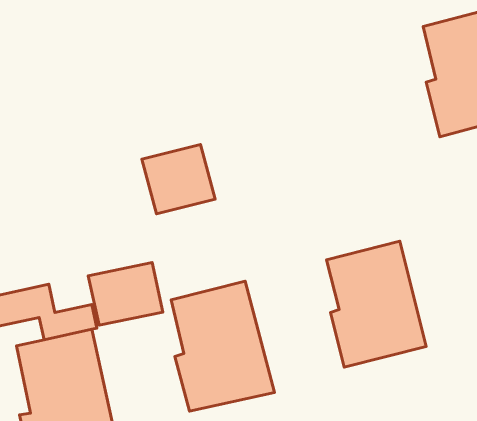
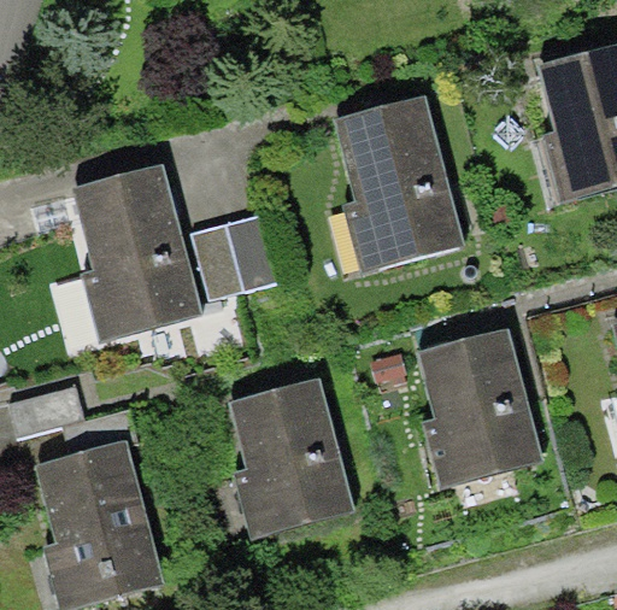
building: none -> [334,94,465,272]
building: none -> [67,163,204,344]
building: [88,263,163,325] -> none

